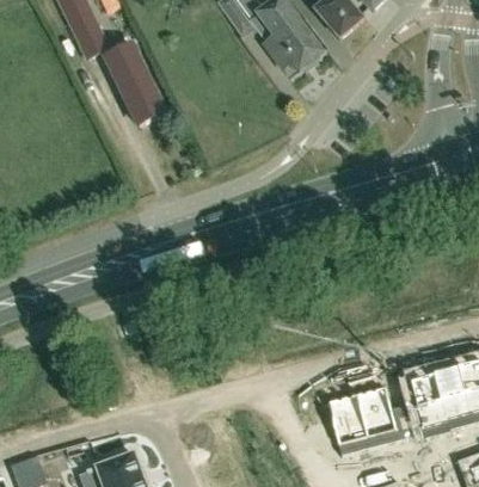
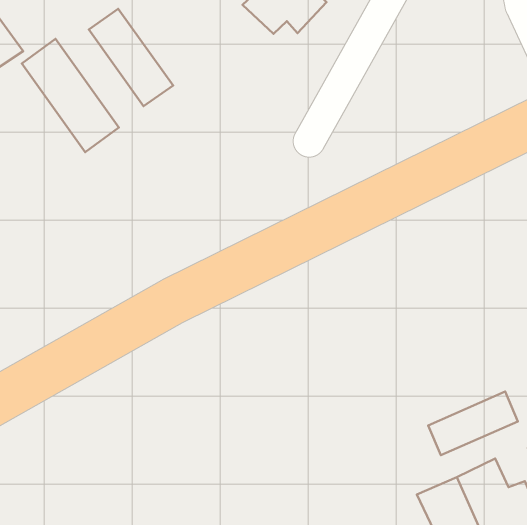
building: none -> [89,9,173,106]
building: none -> [428,392,518,455]

